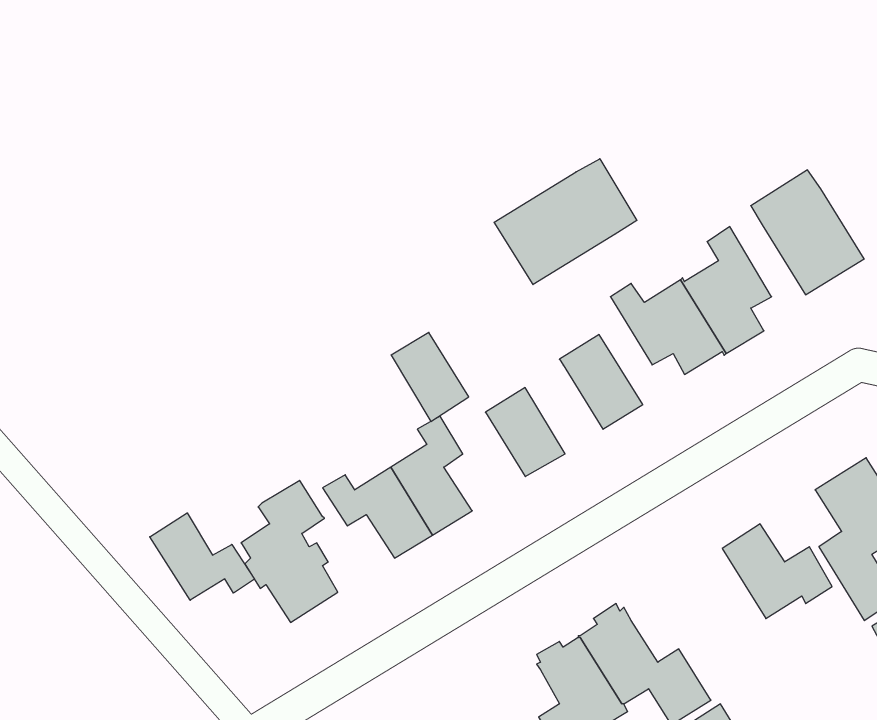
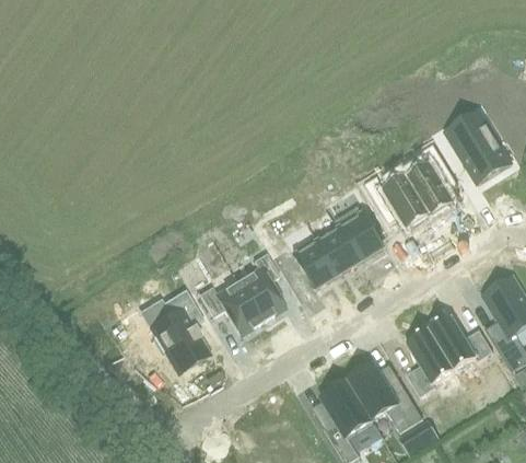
building: [494,159,637,285] -> none
building: [391,332,469,421] -> [315,222,360,274]
building: [150,513,254,600] -> none
building: none -> [406,328,454,395]

